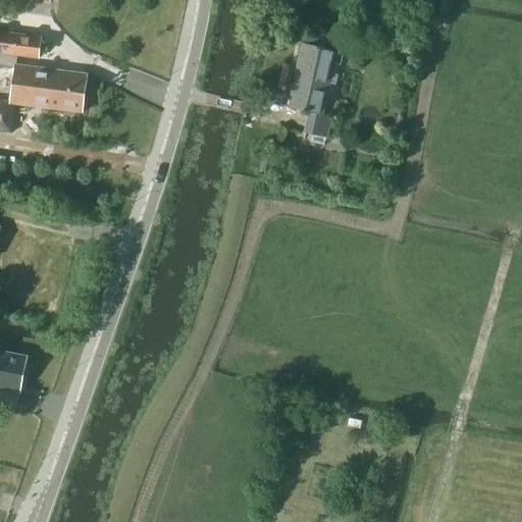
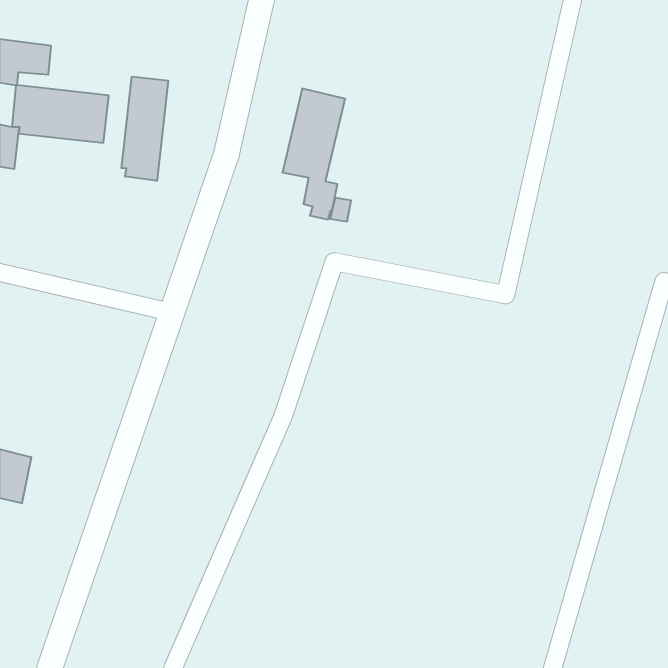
building: [286,43,335,145] -> [282,89,345,219]
building: none -> [122,77,168,181]

